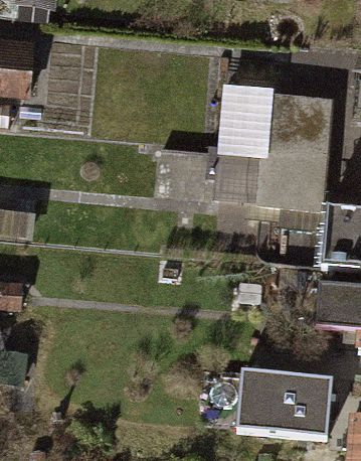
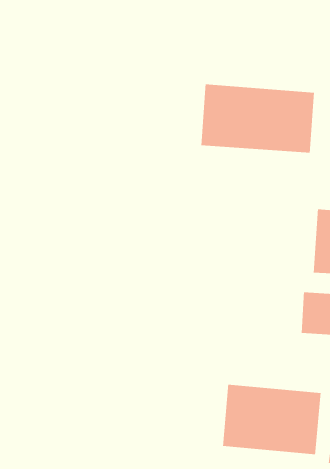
building: [217,147,323,203] -> none

